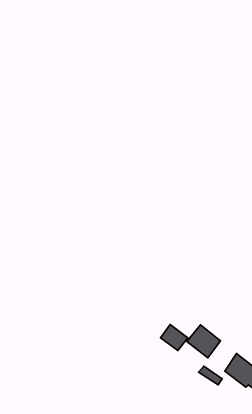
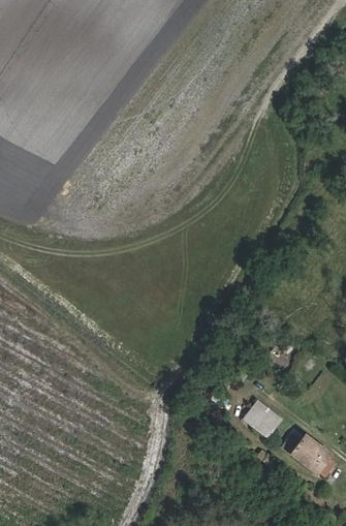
building: [161,324,188,351] -> none

